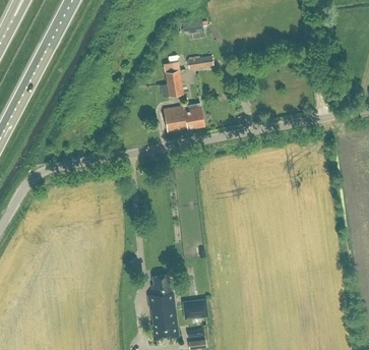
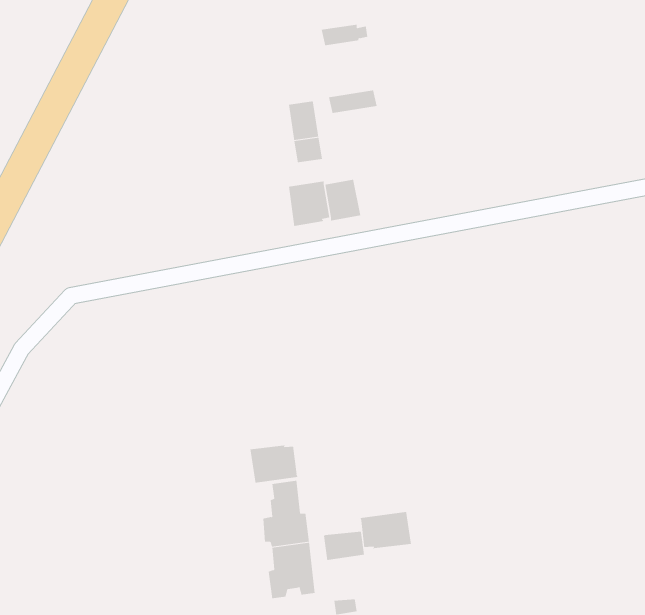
building: none -> [250,444,298,484]
building: none -> [360,511,412,549]

